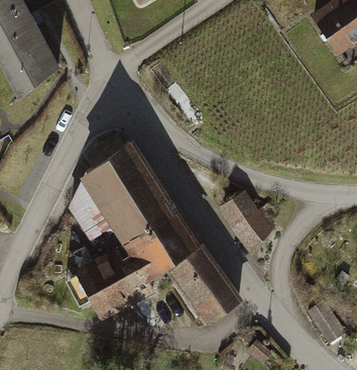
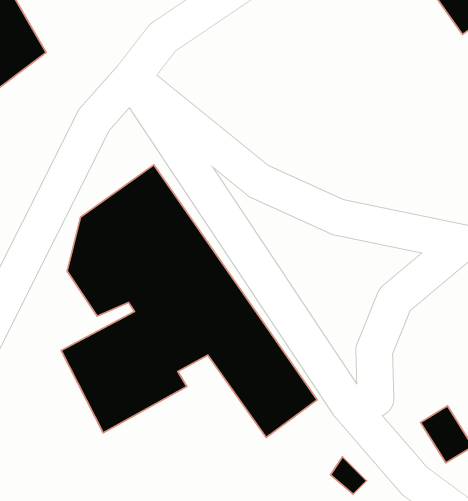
building: [220,190,277,252] -> none

